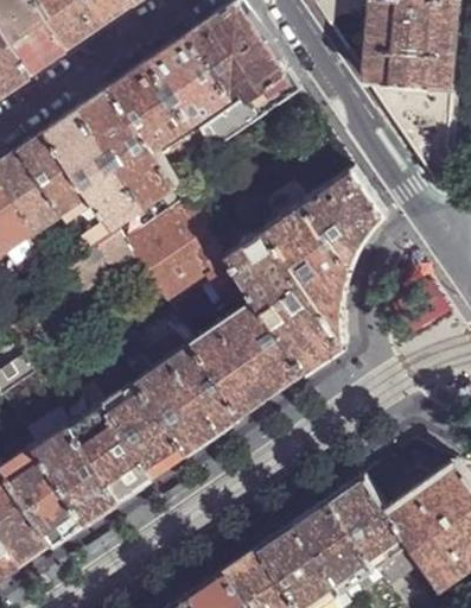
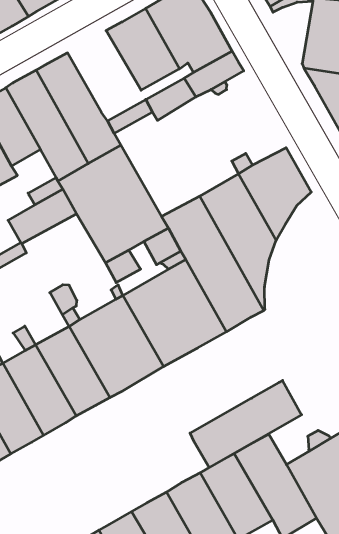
building: [110,59,192,147] -> none
building: none -> [190,380,302,467]

